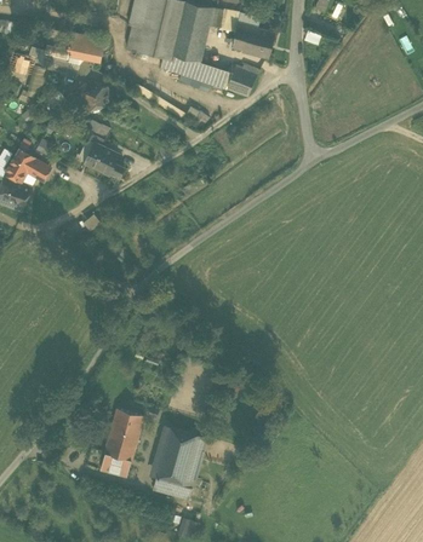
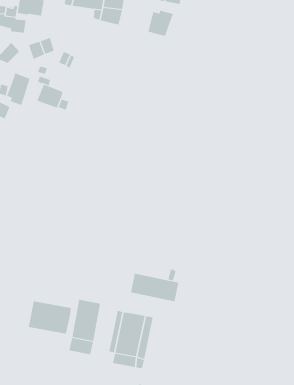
building: [192,60,231,90] -> none
building: none -> [6,73,30,106]
building: none -> [130,273,179,302]
building: none -> [28,301,72,335]

